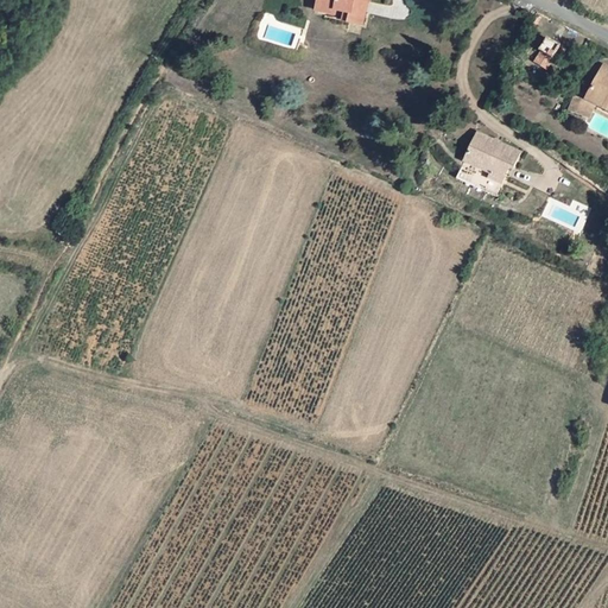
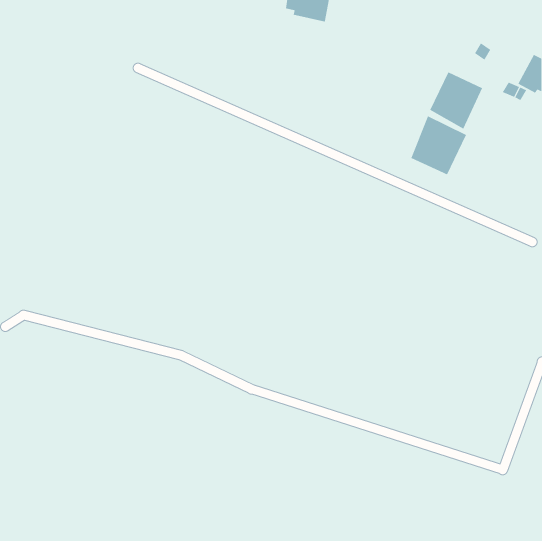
building: none -> [429,72,483,129]

